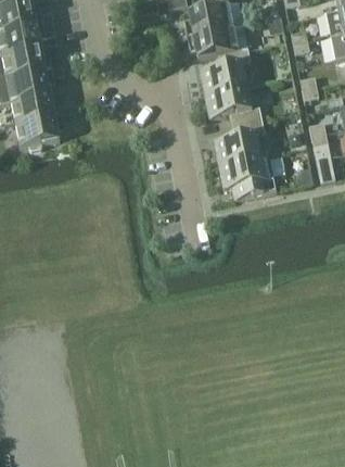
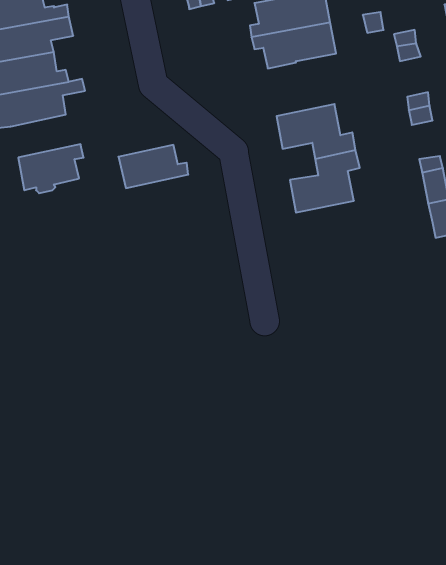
building: [199,46,250,91] -> none
building: [9,90,60,122] -> [118,145,188,188]
building: [217,153,274,197] -> none

